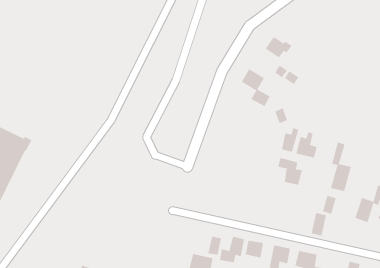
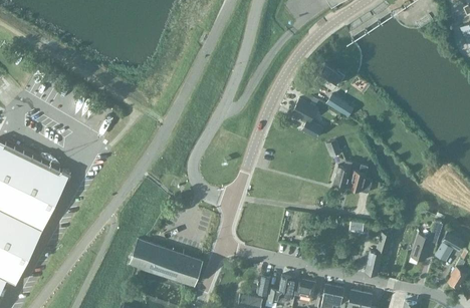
building: [330,141,351,192] -> none
building: [277,157,302,186] -> none
building: none -> [130,238,201,282]

